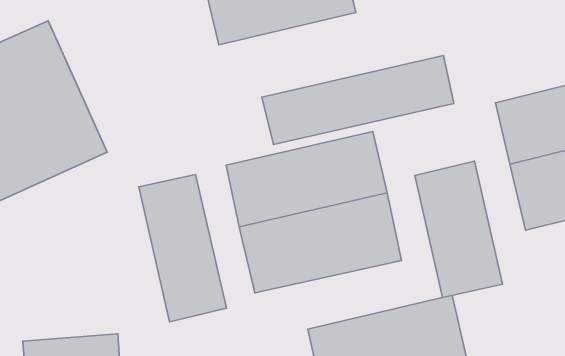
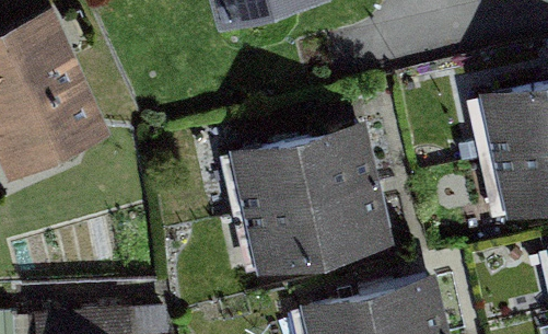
building: [262,56,454,145] -> none
building: [415,161,503,297] -> none
building: [139,175,227,322] -> none

